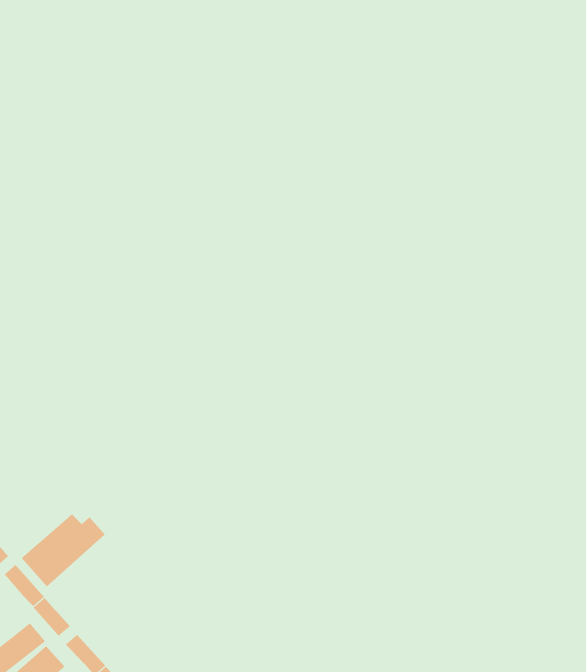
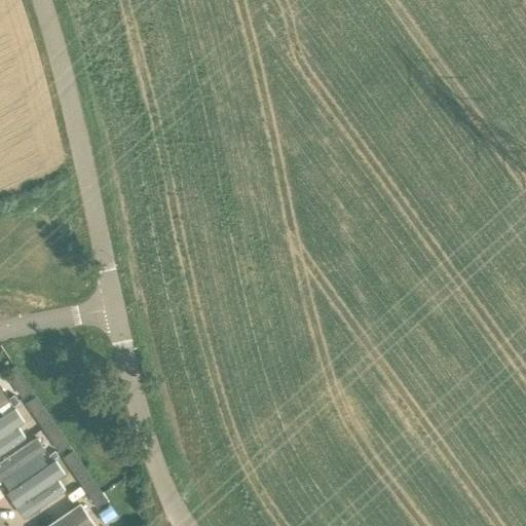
building: [21,513,105,587] -> none

